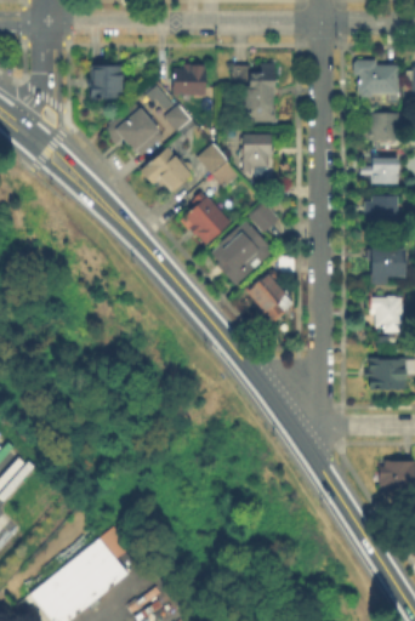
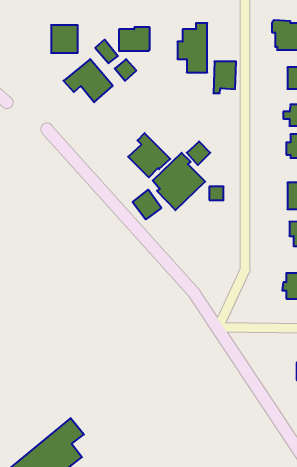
building: [244,136,271,173] -> [213,61,236,93]
building: [200,147,238,188] -> none
building: [142,148,197,190] -> none
building: [251,275,285,310] -> [133,190,161,219]

